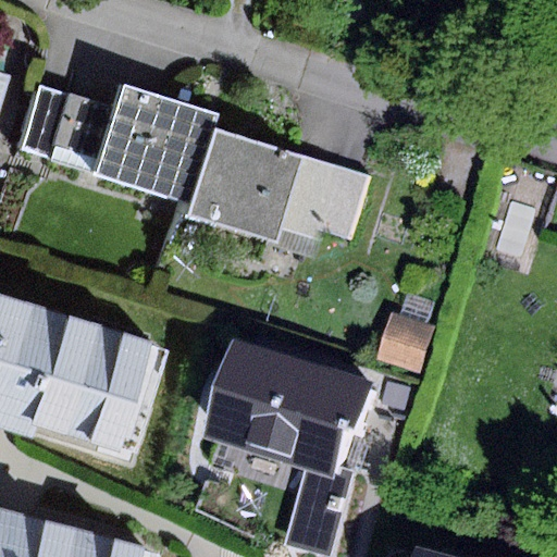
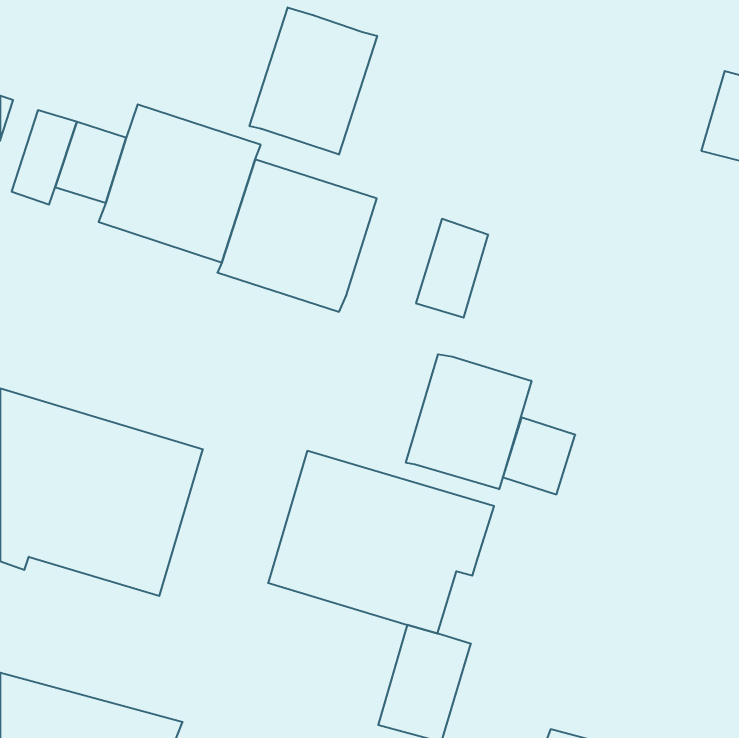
building: none -> [250,7,377,155]
building: [261,151,333,239] -> none
building: none -> [406,354,531,489]

